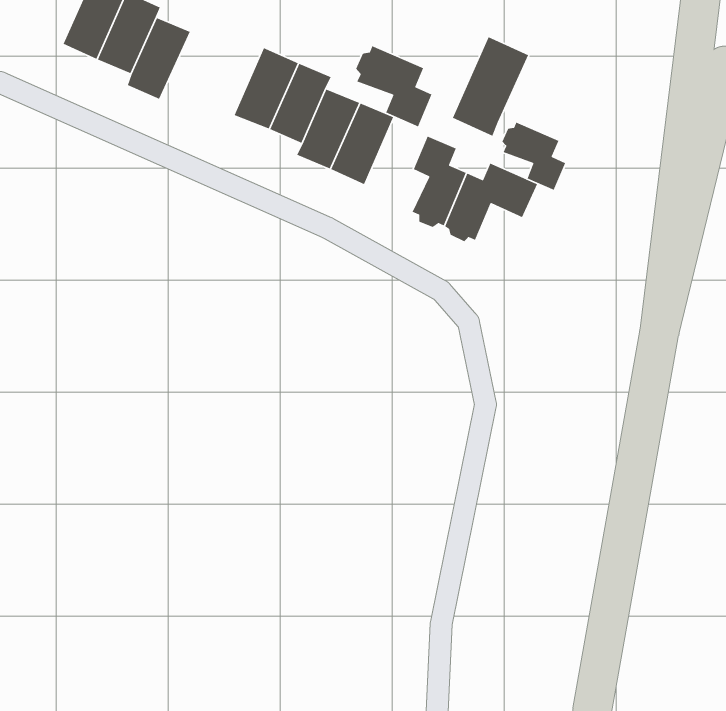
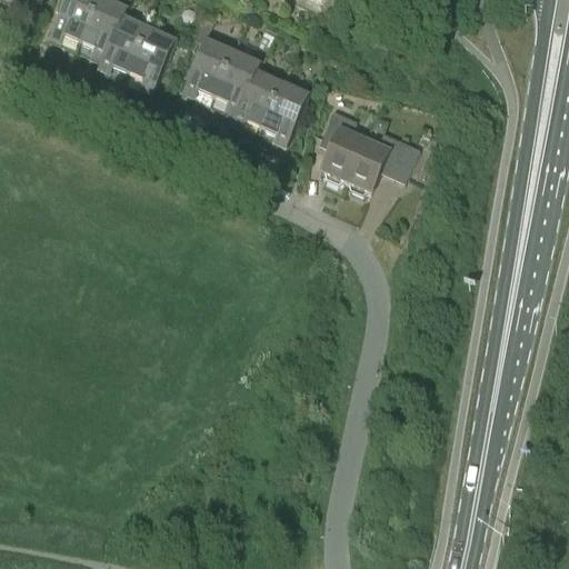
building: none -> [126,24,176,90]
building: [452,36,529,137] -> none
building: [355,45,433,127] -> none
building: [502,121,566,191] -> none

